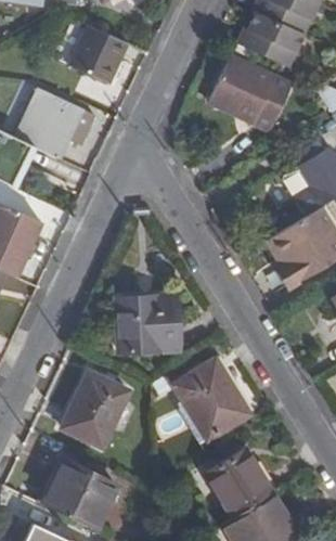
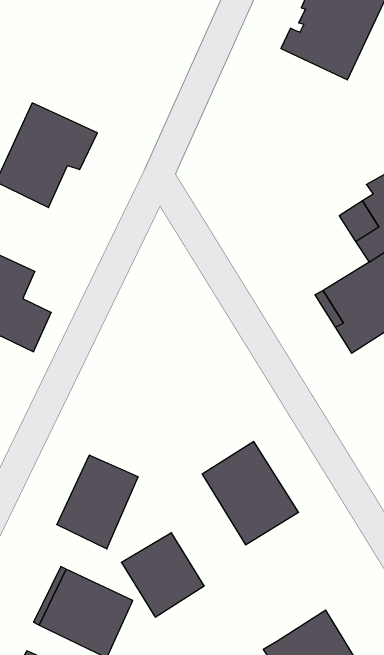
building: [68,23,128,83] -> none
building: [209,57,293,132] -> none
building: [118,296,179,352] -> none
building: [206,450,272,517] -> [121,533,204,617]

